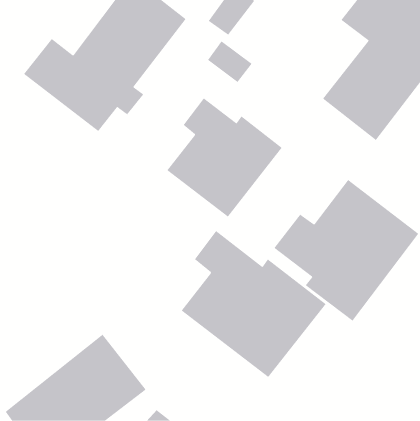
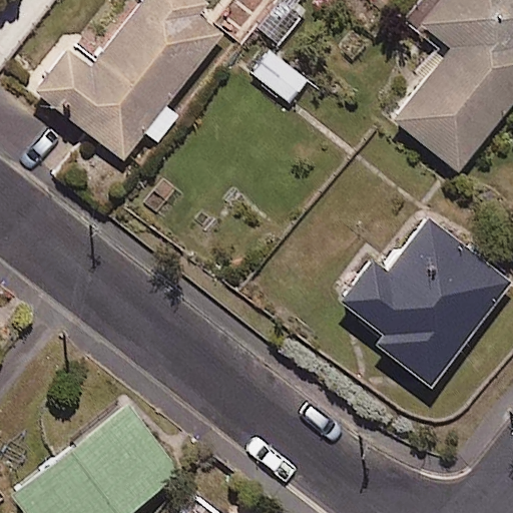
building: [167,97,282,218] -> none
building: [181,230,326,378] -> none

